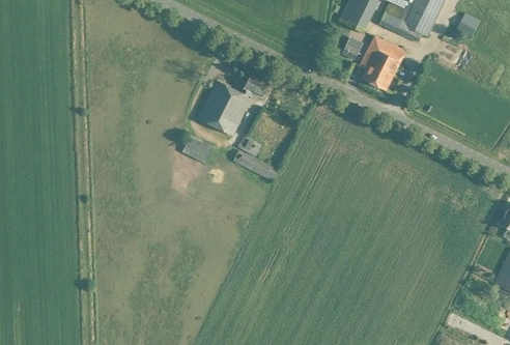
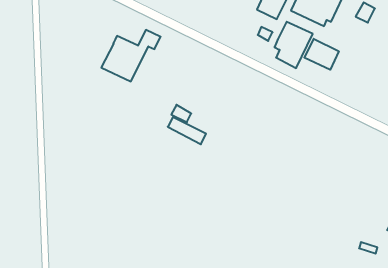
building: none -> [304,39,339,70]
building: [198,74,268,135] -> [101,30,161,81]
building: [181,135,214,162] -> none

